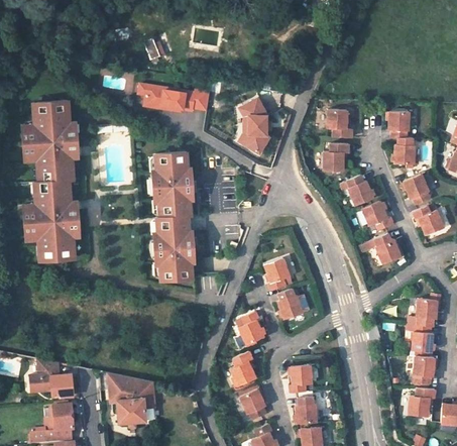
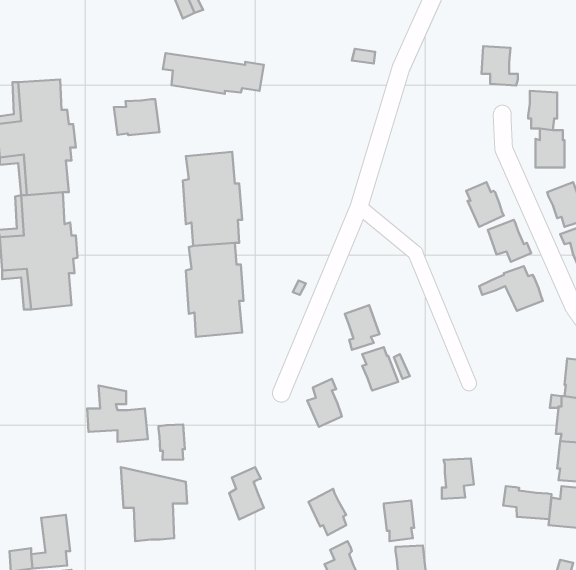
building: [237,99,270,156] -> none
building: [329,110,354,137] -> [482,46,518,85]
building: none -> [114,99,159,135]
building: [326,143,351,171] -> none
building: none -> [158,424,185,460]
building: [230,351,254,387] -> [229,467,264,519]
building: [30,359,73,399] -> [87,385,148,442]
building: [289,365,311,394] -> [442,458,474,499]
building: none -> [503,486,551,519]

